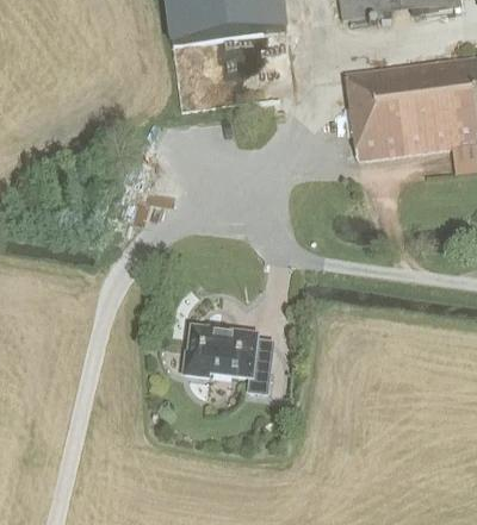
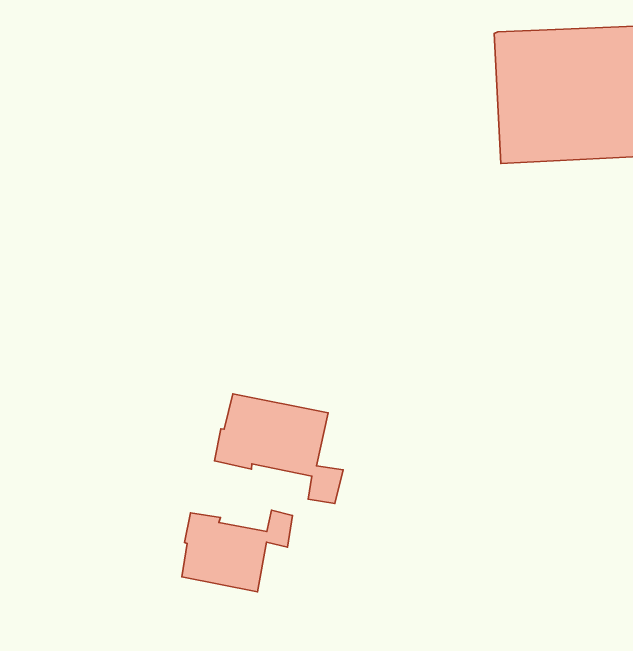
building: none -> [182,510,292,592]

